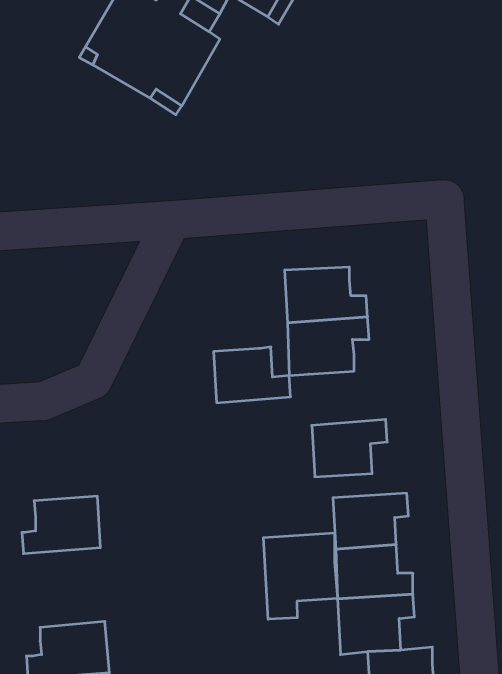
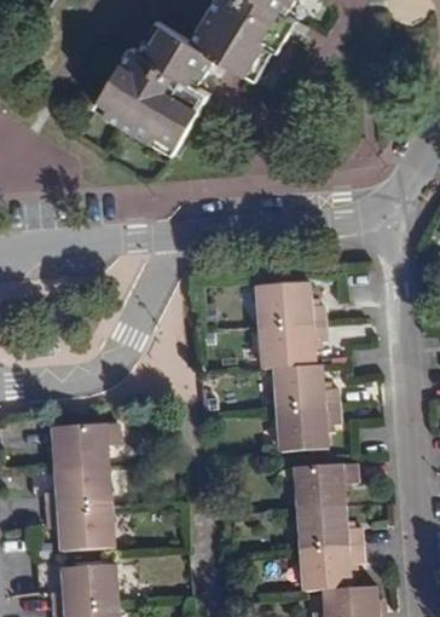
building: [214,347,291,403] -> [276,359,337,404]
building: none -> [53,420,116,465]
building: [263,533,337,619] -> none
building: none -> [47,502,111,547]

